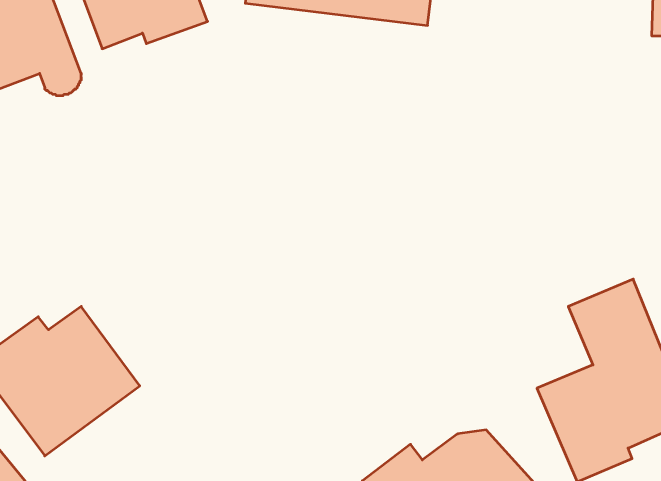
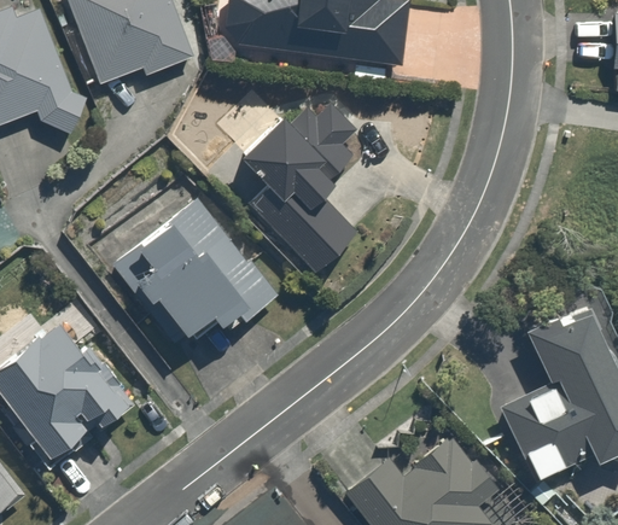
building: none -> [210,104,363,275]
building: none -> [107,199,276,342]

